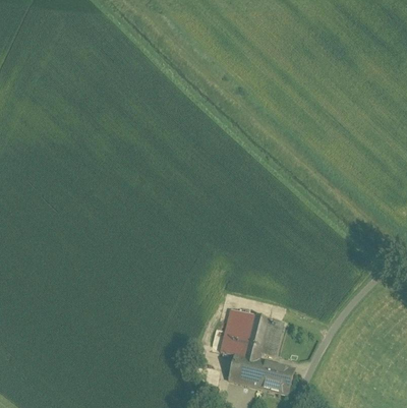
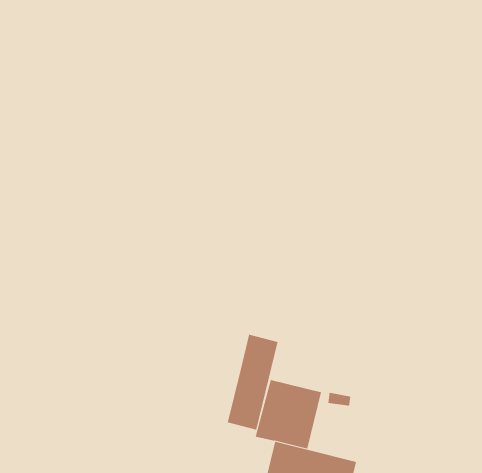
building: none -> [227,334,278,431]

